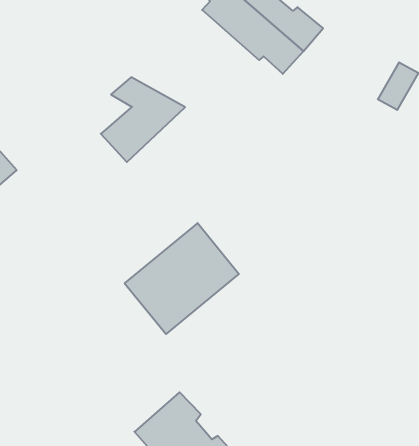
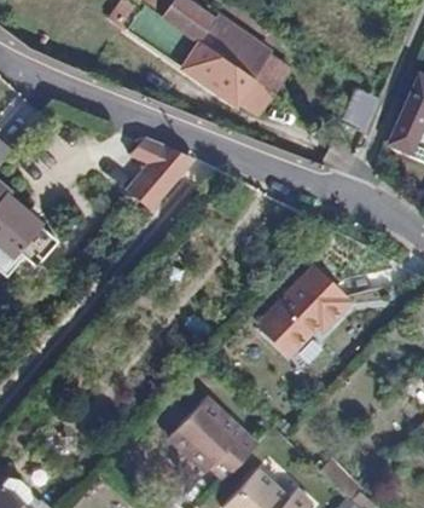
building: [125,223,239,334] -> [260,264,358,363]

